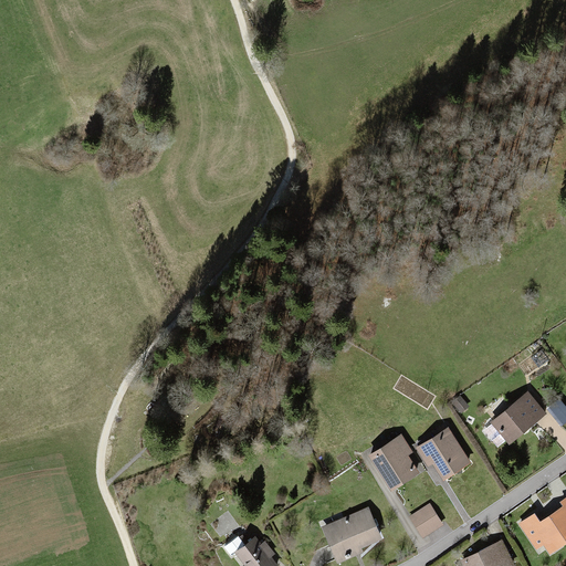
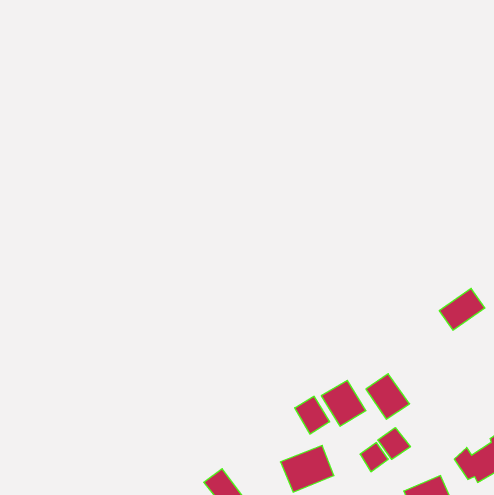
building: [492,396,544,443] -> [439,288,485,330]
building: none -> [295,396,330,434]
building: none -> [378,428,410,459]

